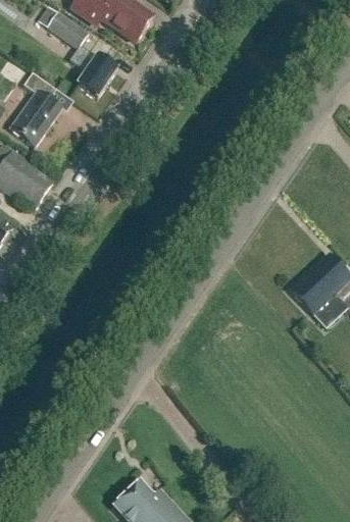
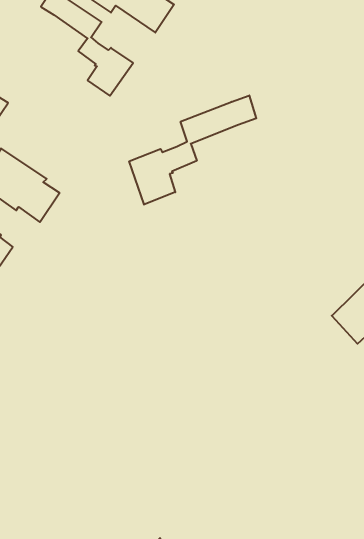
building: [10,72,62,147] -> none
building: none -> [129,95,256,205]

